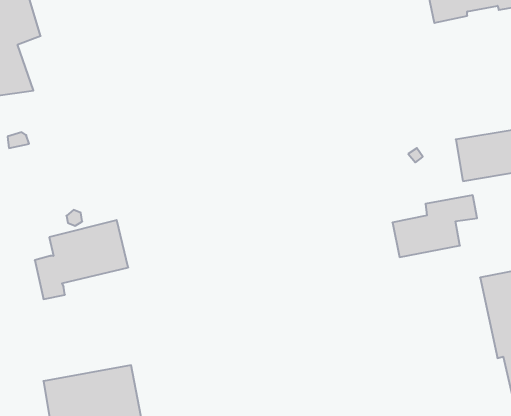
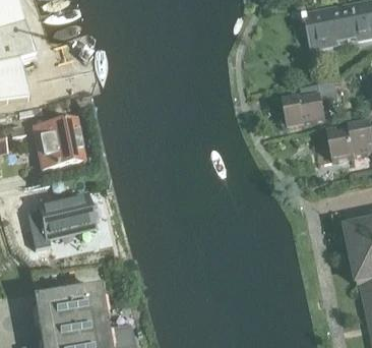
building: none -> [33,117,84,168]
building: [392,195,477,257] -> [277,82,337,126]

